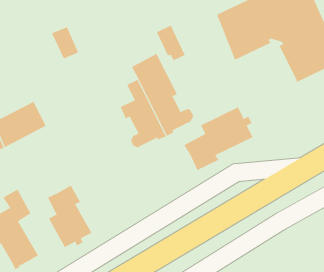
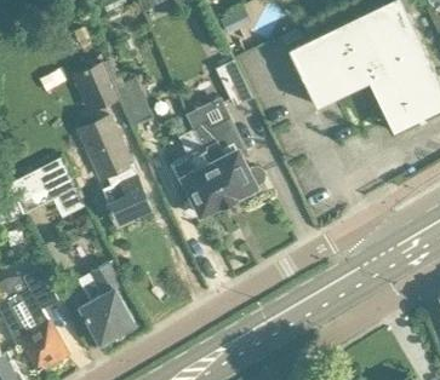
building: none -> [104,61,154,128]
building: none -> [76,117,150,226]
building: [184,106,253,171] -> none

